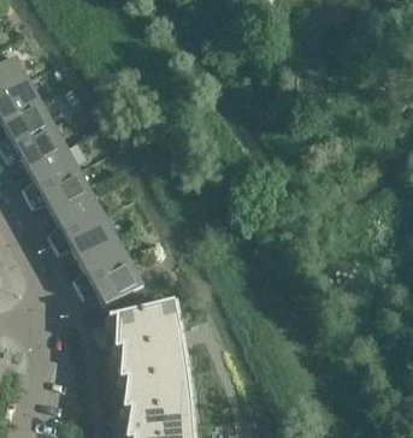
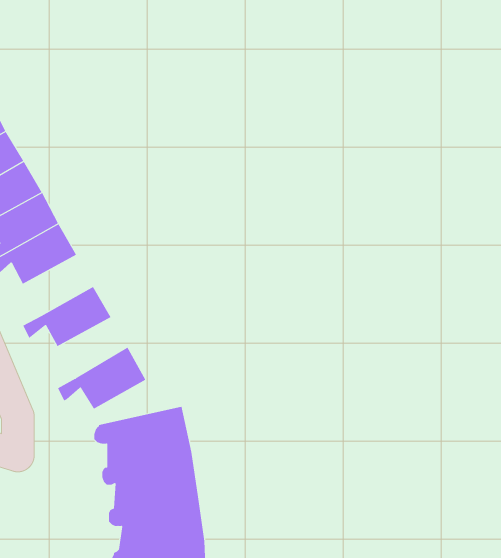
building: [47,193,105,244] -> none
building: [72,238,130,290] -> none

